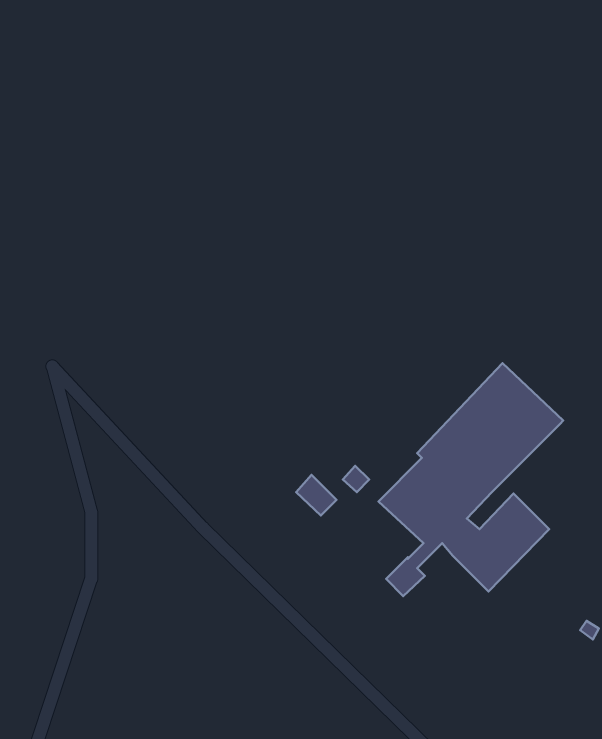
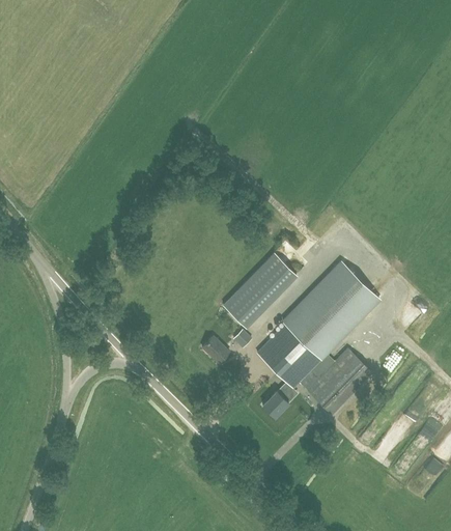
building: none -> [223,253,295,327]

